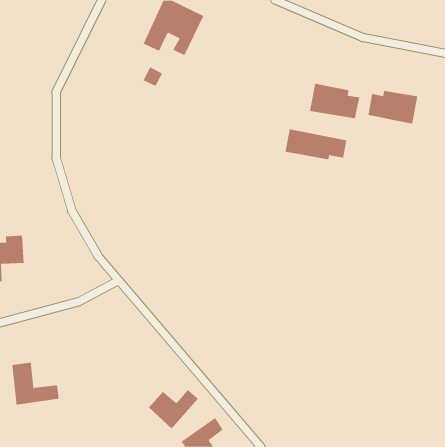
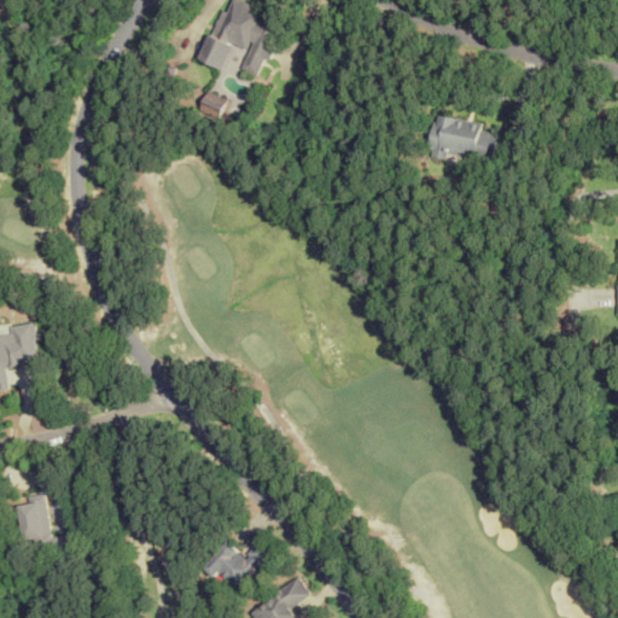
building: [368,90,418,125] -> none
building: [285,129,347,160] -> none

